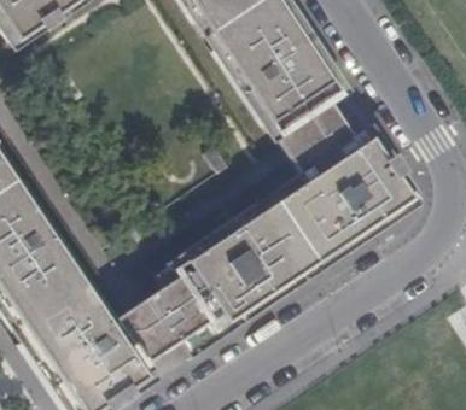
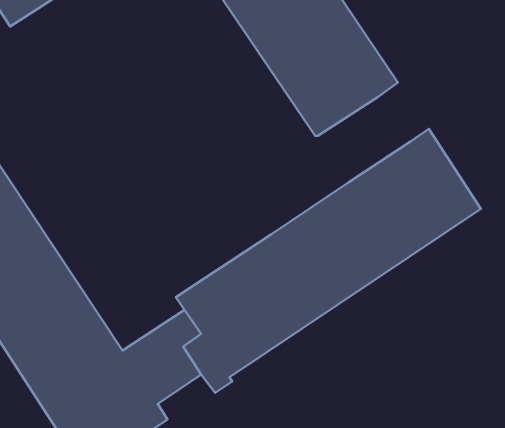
building: [279,102,359,176] -> none

